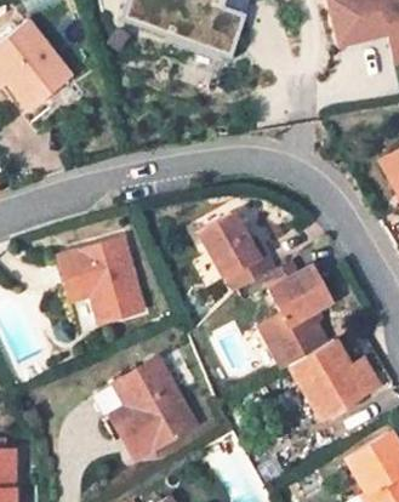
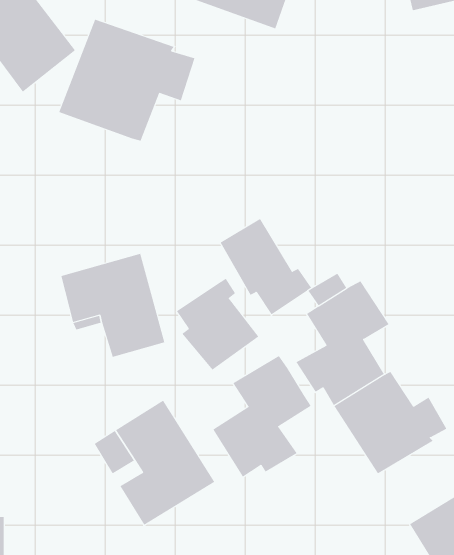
building: none -> [59,19,195,141]
building: none -> [176,278,259,370]
building: none -> [212,355,311,477]

